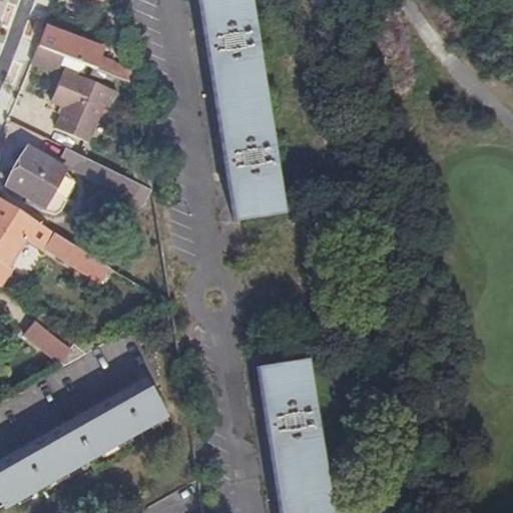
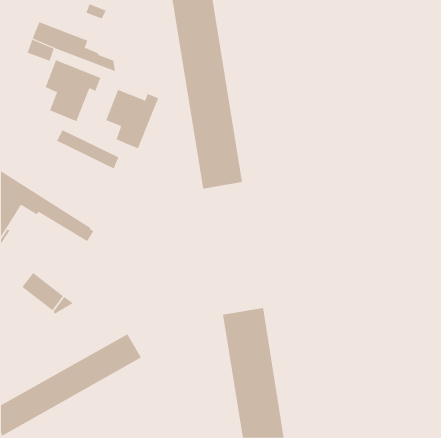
building: none -> [106,89,159,149]
building: [7,148,64,204] -> none

